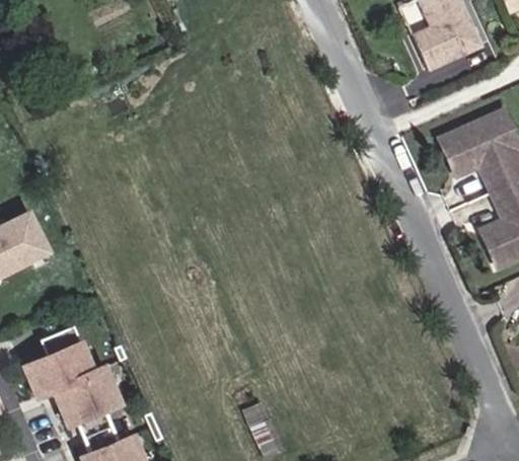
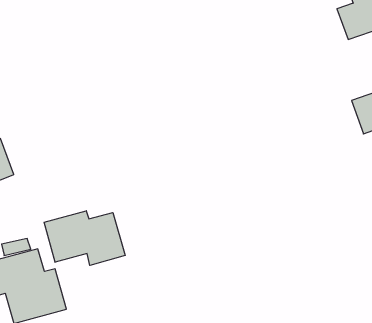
building: none -> [44,211,125,265]

